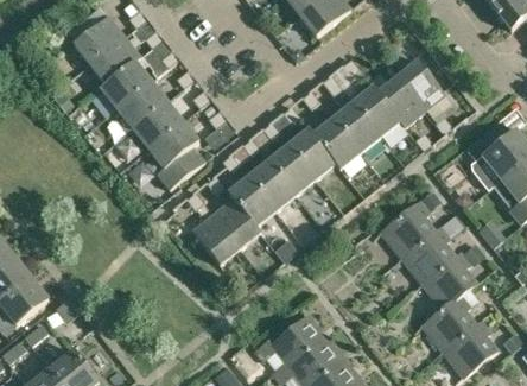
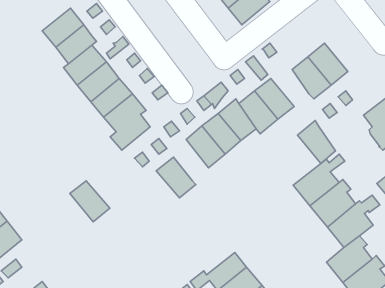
building: [351,84,398,137] -> [297,121,335,163]
building: [228,177,275,227] -> none
building: [191,215,240,265] -> [70,181,110,222]

